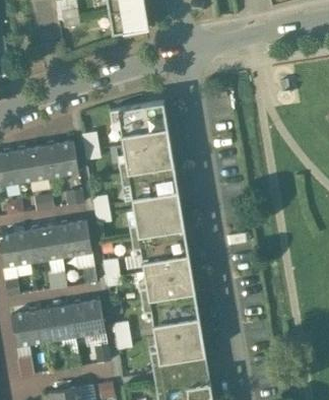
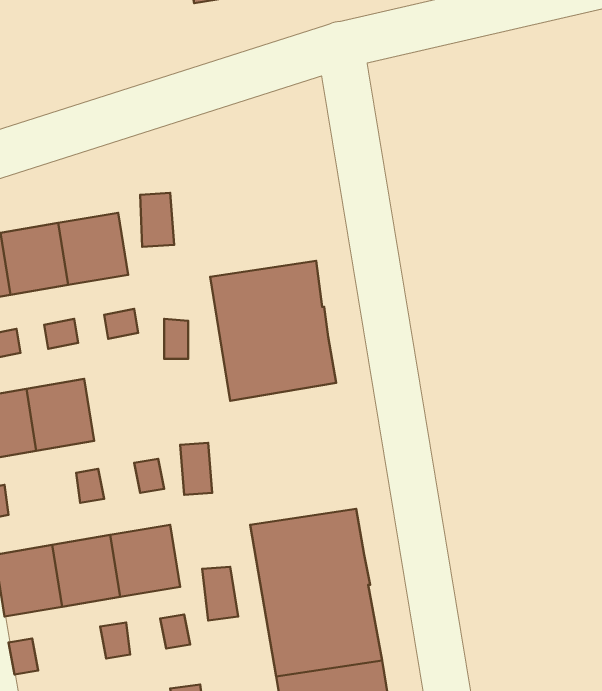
building: [110,102,175,174] -> none
building: [57,220,92,257] -> none
building: [131,227,195,299] -> none

